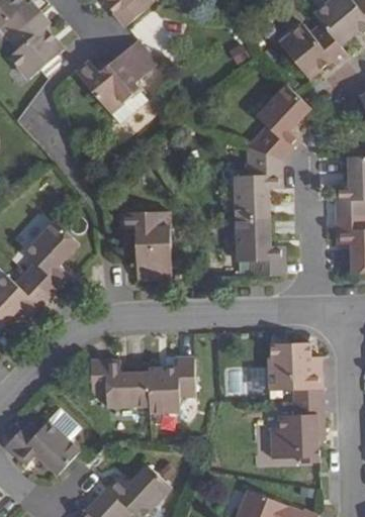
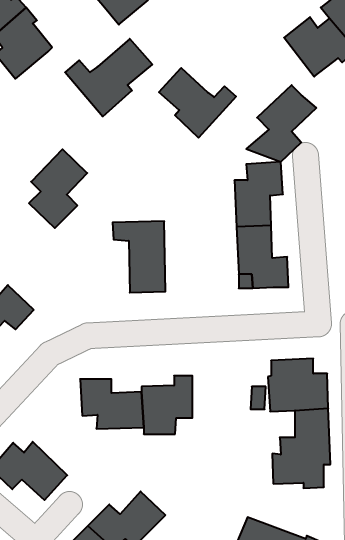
building: none -> [159,68,236,138]
building: [21,222,76,296] -> [29,149,87,228]

